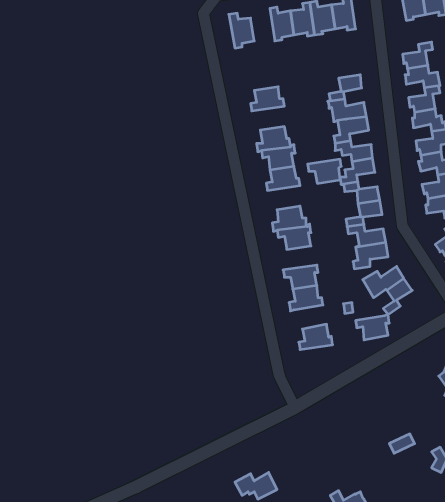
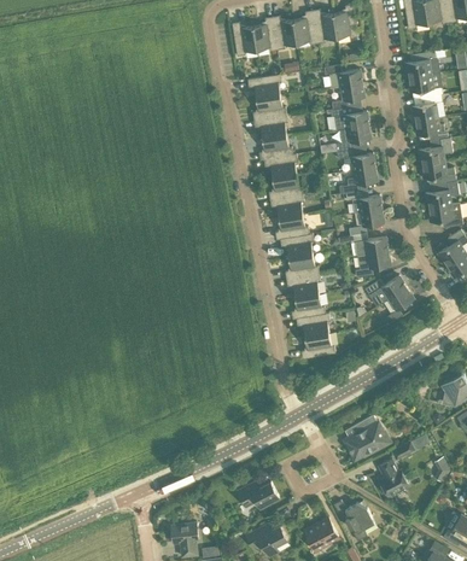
building: none -> [252,17,276,51]
building: none -> [323,65,362,88]
building: none -> [246,75,281,99]
building: none -> [253,115,287,139]
building: [308,159,341,183] -> [269,194,303,218]
building: none -> [284,255,319,279]
building: [356,315,389,340] -> [296,312,329,338]
building: none -> [343,415,390,460]
building: none -> [378,458,408,496]

